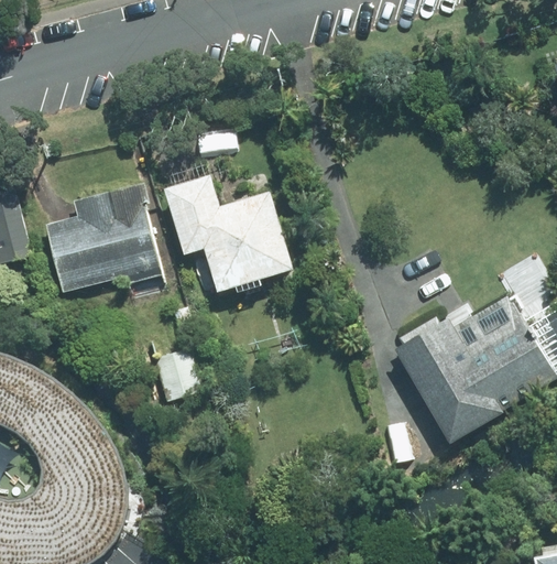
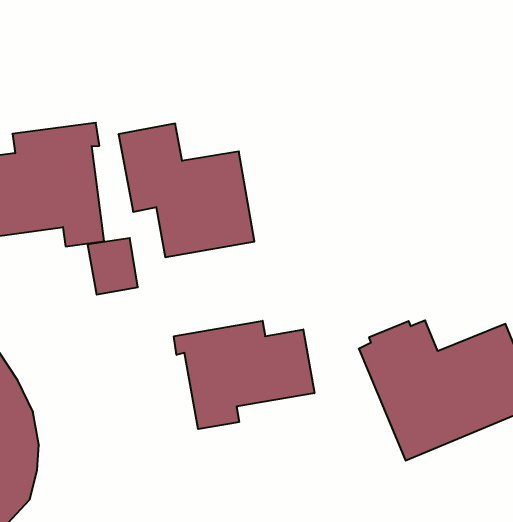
building: none -> [174,321,314,429]
building: [153,348,201,401] -> [88,238,138,295]

